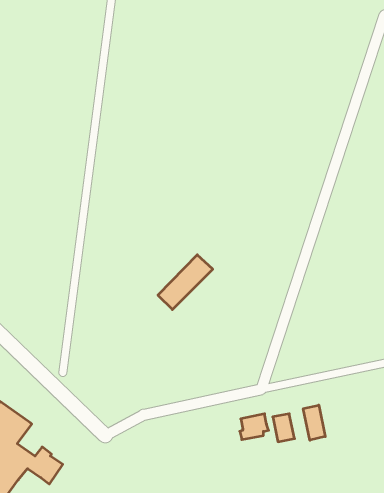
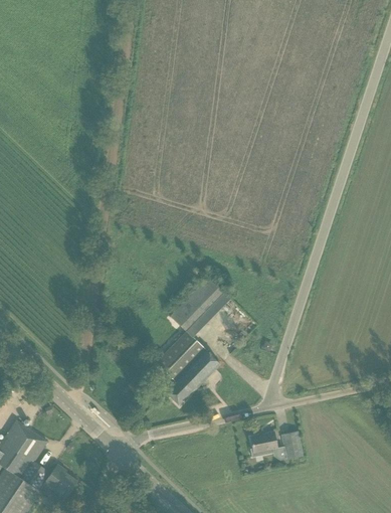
building: none -> [156,332,220,406]
building: [303,405,325,440] -> none

